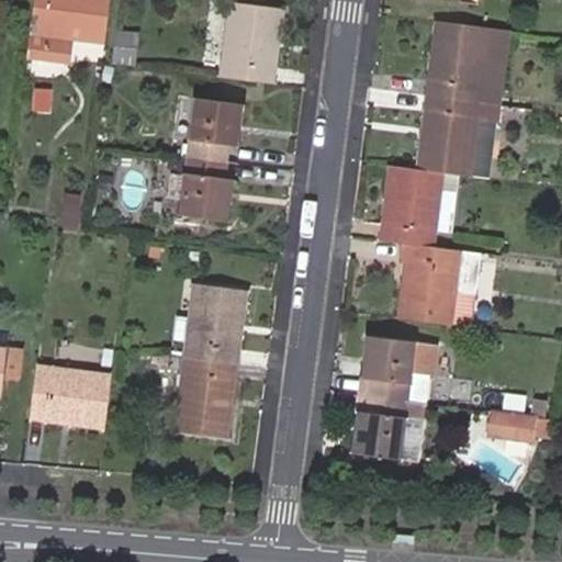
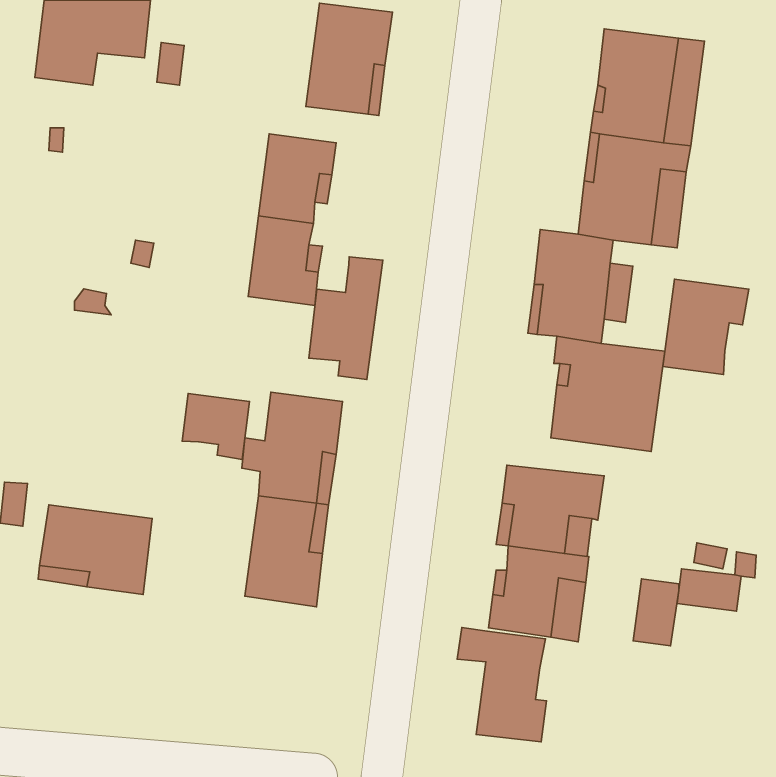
building: none -> [309,257,383,379]
building: none -> [663,279,749,374]
building: none -> [182,393,250,460]
building: none -> [633,579,679,646]
building: none -> [457,628,546,742]

